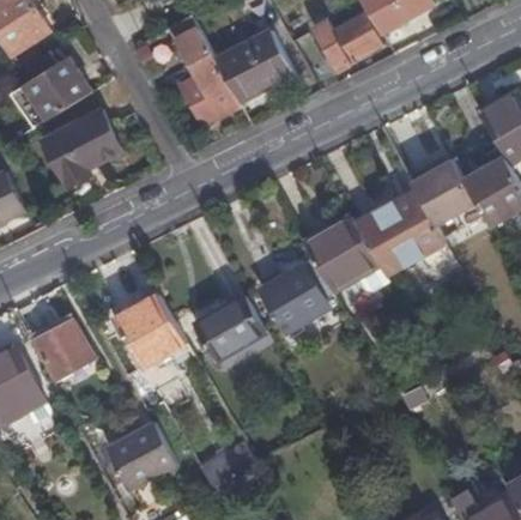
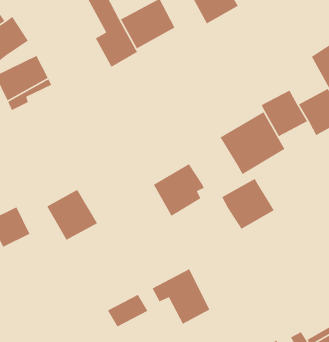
building: [304,218,378,290] -> [221,178,275,230]
building: [194,297,265,361] -> none
building: none -> [152,268,211,325]
building: [108,422,177,490] -> none

